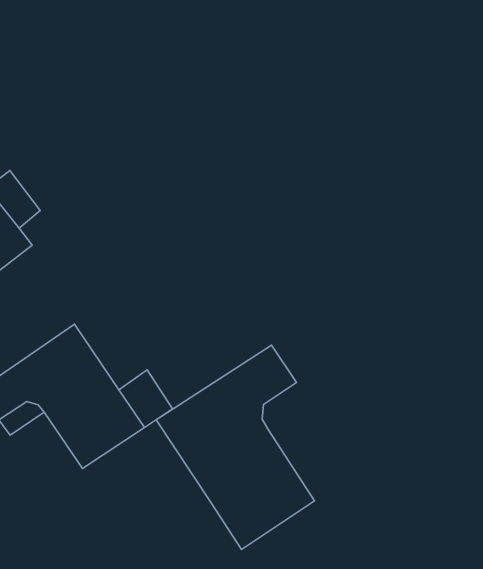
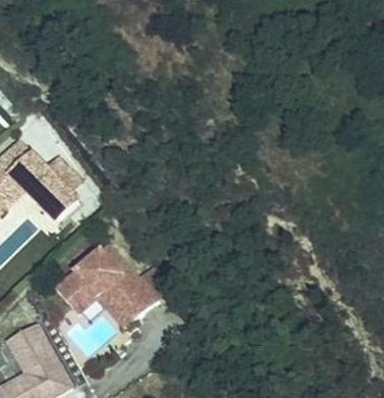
building: [156,345,315,549] -> none

